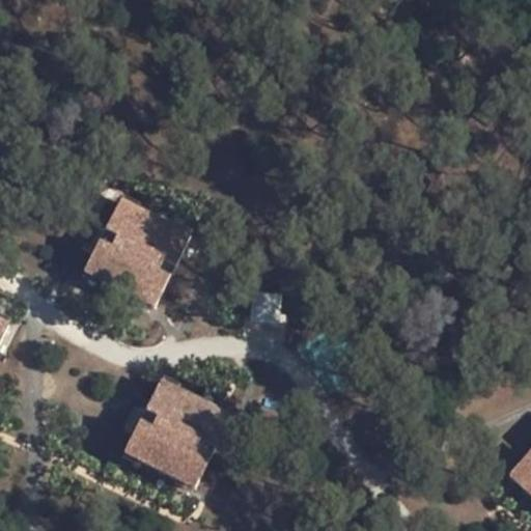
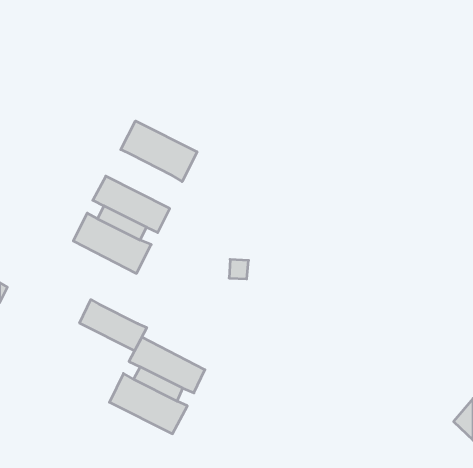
building: none -> [121,121,197,182]
building: none -> [80,300,147,351]

